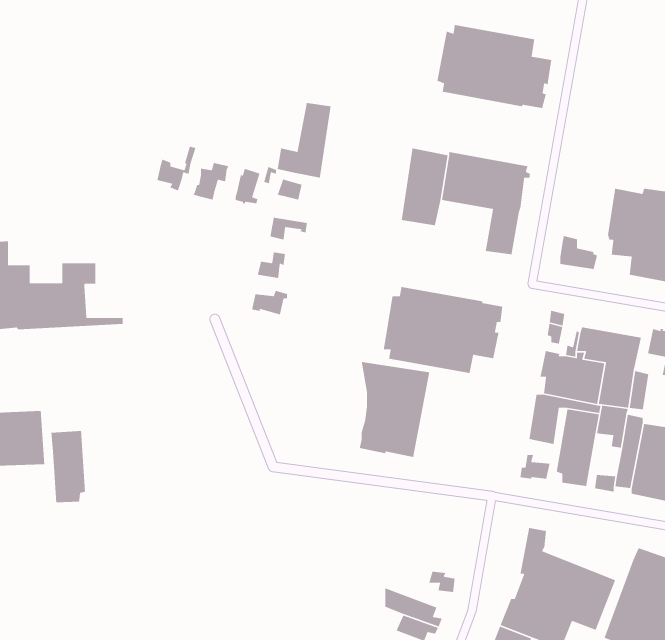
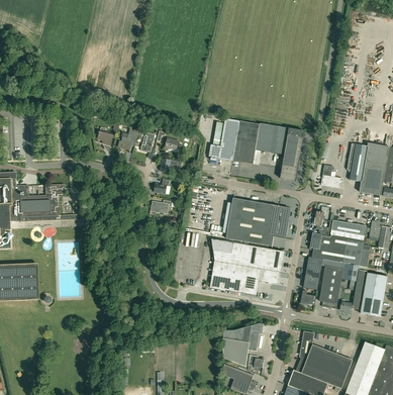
building: [436,24,552,109] -> none
building: [277,102,332,179] -> [209,118,239,161]
building: none -> [240,244,283,295]
building: [51,430,86,503] -> none
building: none -> [223,322,264,366]

